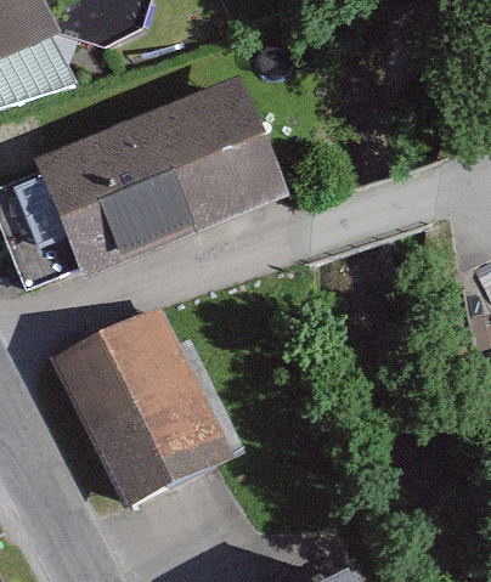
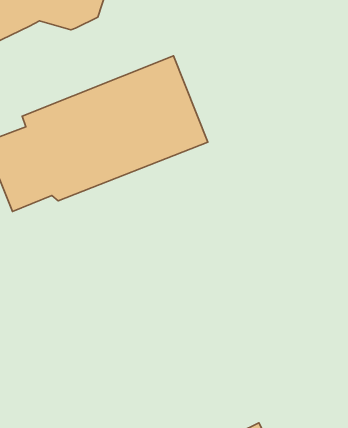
building: [52,306,230,507] -> none

